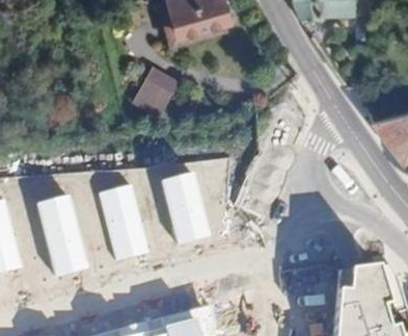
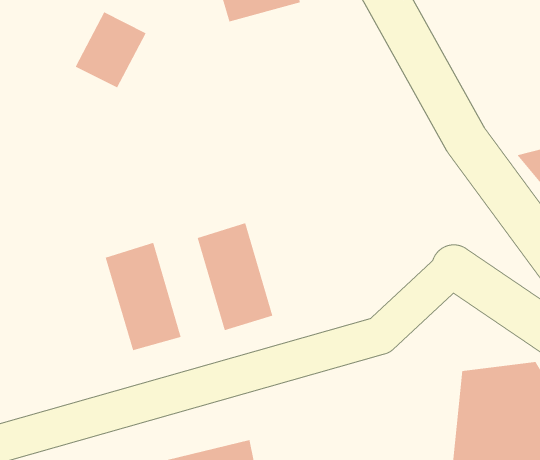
building: [136,68,185,120] -> [75,12,147,88]
building: [36,196,90,279] -> none

